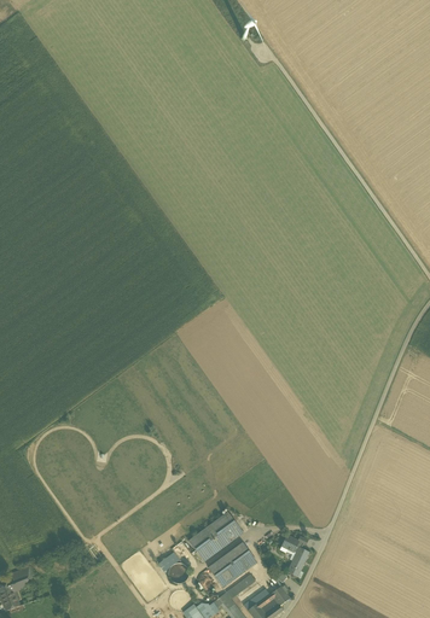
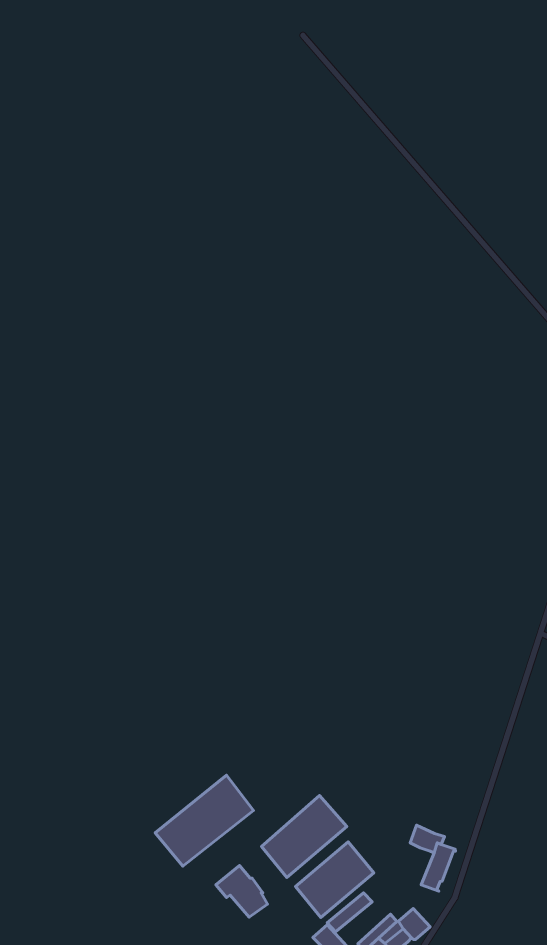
building: none -> [155,775,254,866]

